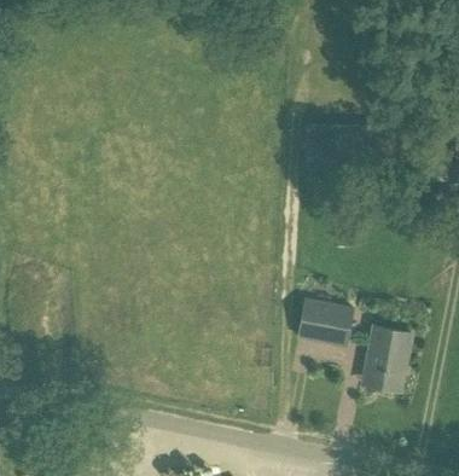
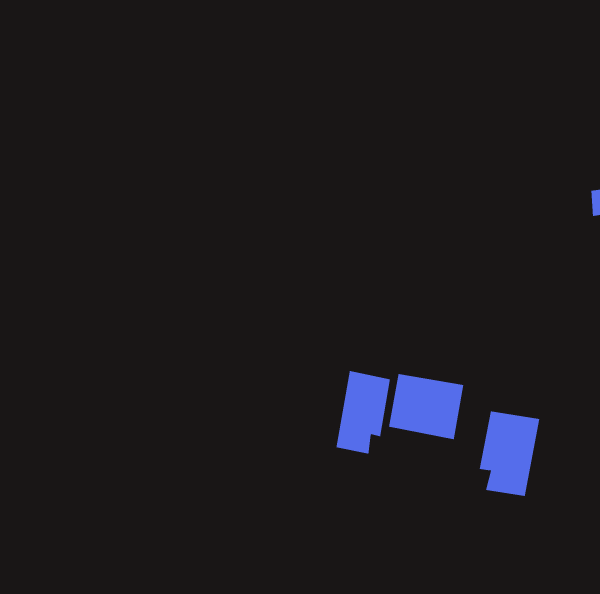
building: none -> [336,370,390,455]

